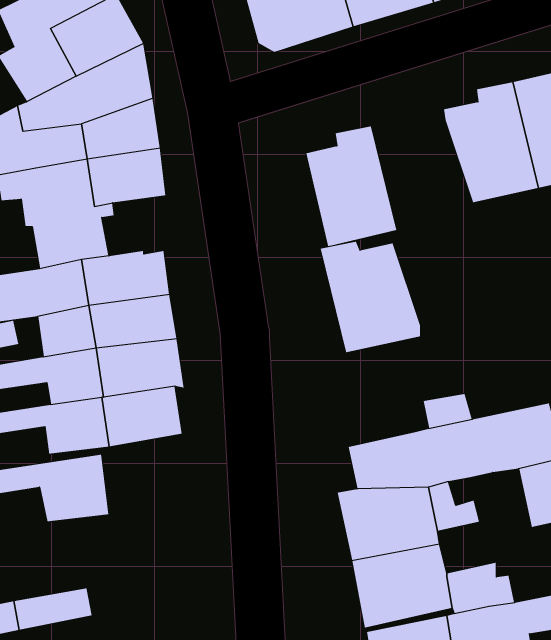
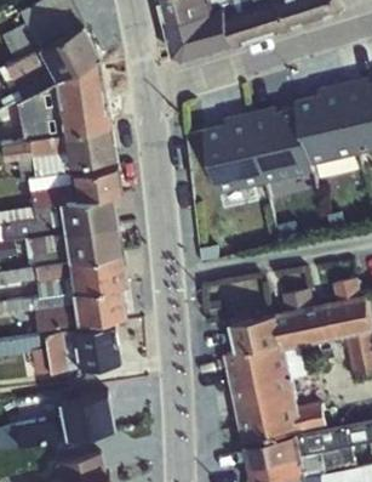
building: none -> [70,166,119,198]
building: [320,241,421,353] -> [248,107,315,181]
building: none -> [70,322,124,369]
building: none -> [57,391,114,436]

